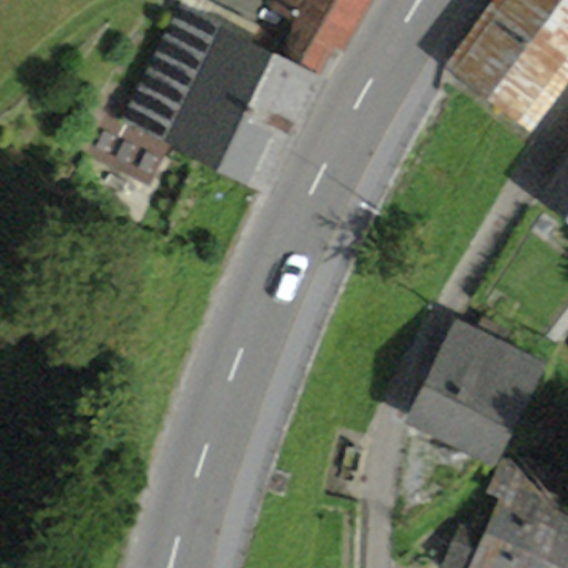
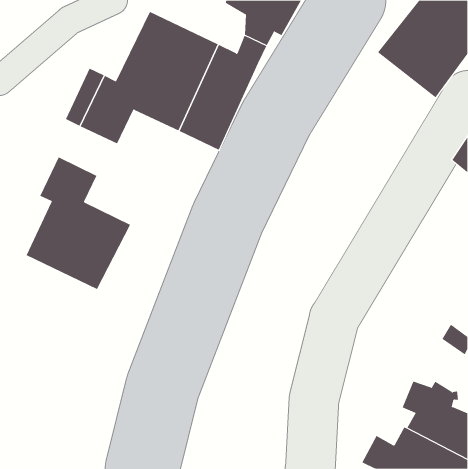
building: none -> [26,156,131,290]
building: [410,320,534,453] -> none

